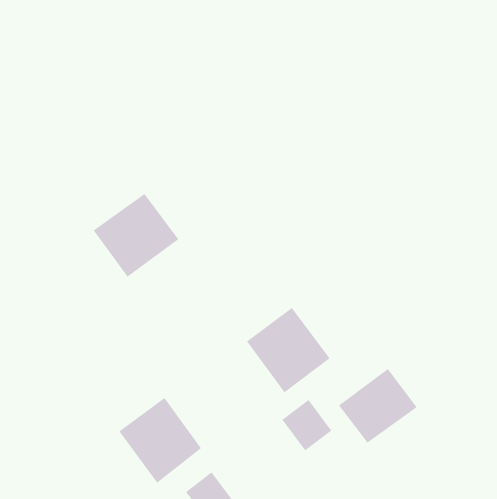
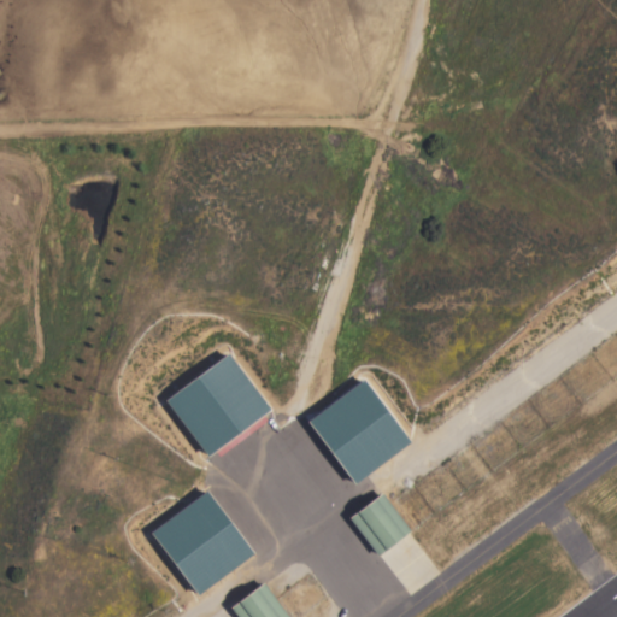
building: [93,193,179,277] -> [165,353,271,457]
building: [338,368,418,444] -> none

